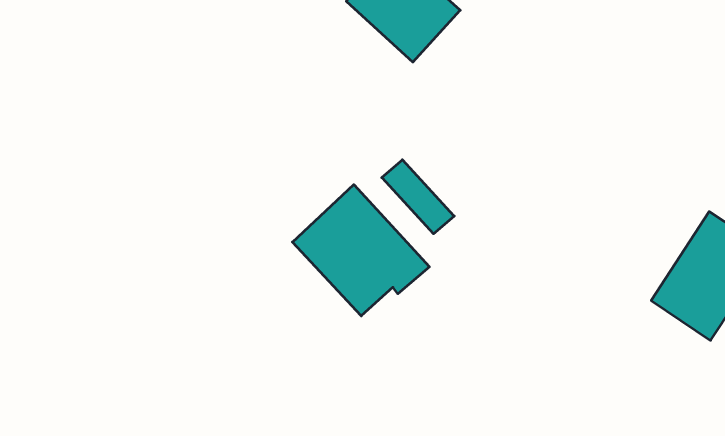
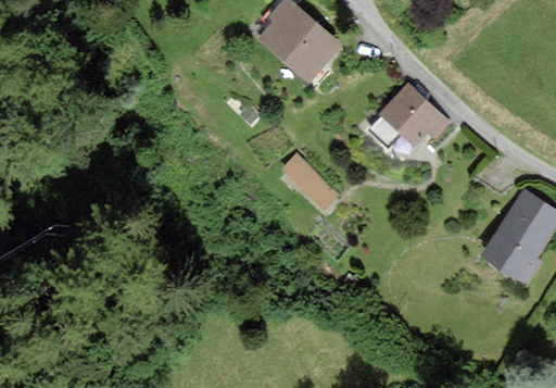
building: none -> [381,84,452,142]
building: [292,185,429,316] -> none

